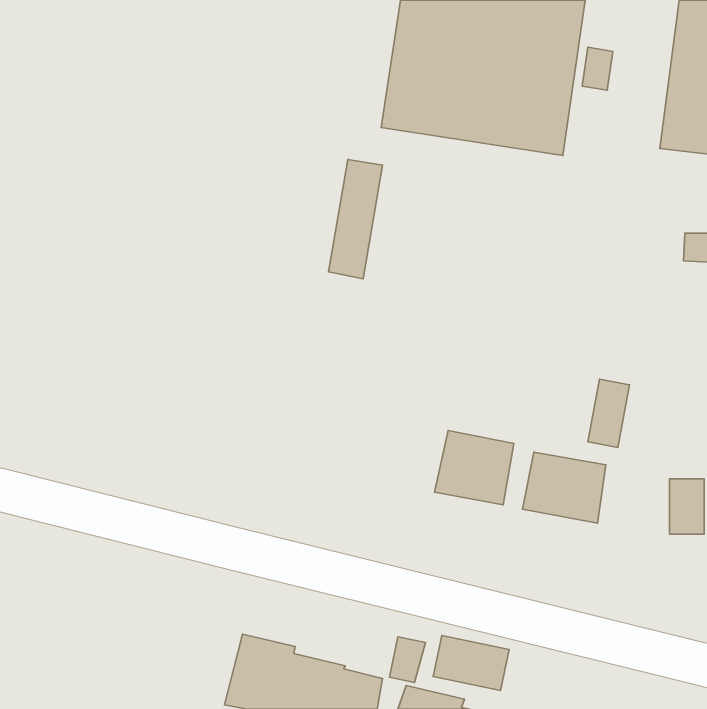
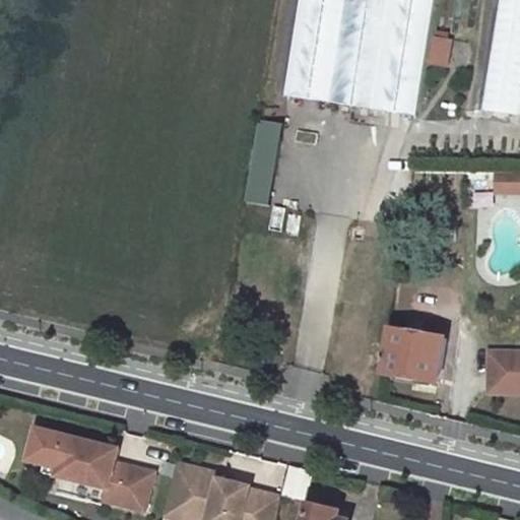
building: [588,379,629,447] -> none
building: [435,430,514,505] -> none
building: none -> [29,429,157,511]
building: [433,636,509,691] -> none

